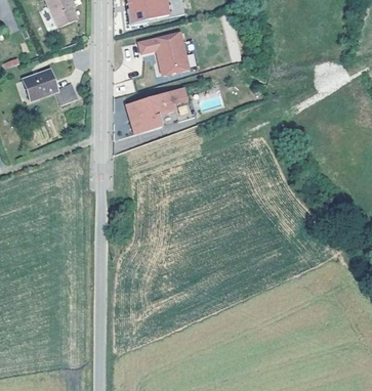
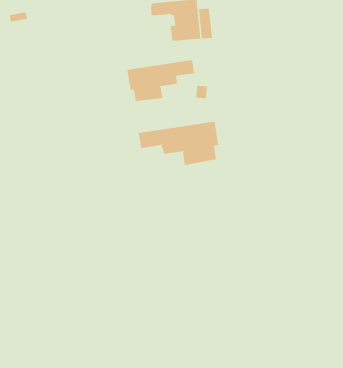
building: [26,70,76,106] -> none
building: none -> [138,121,219,166]

